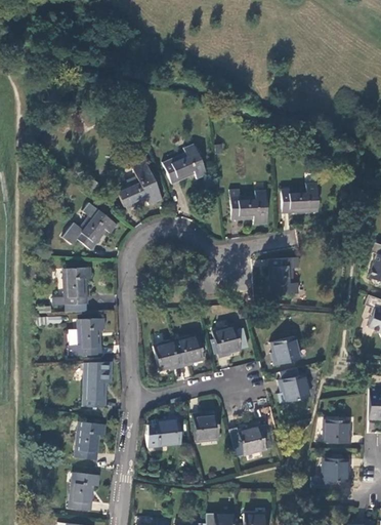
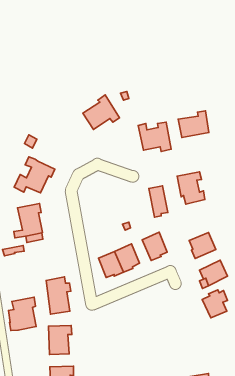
building: [114,161,162,209] -> none
building: none -> [149,186,168,217]
building: [70,318,105,356] -> [8,297,36,330]
building: [194,411,219,442] -> none
building: [155,414,180,446] -> none
building: [239,421,270,455] -> [202,290,228,318]

